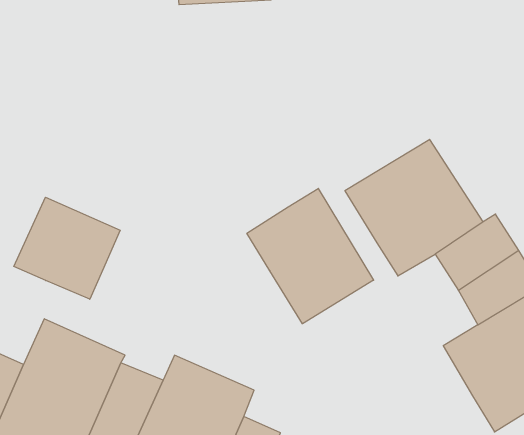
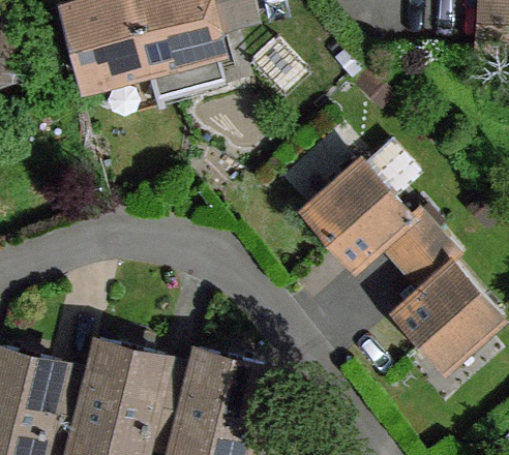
building: [247,188,374,324] -> none
building: [14,197,120,299] -> none

